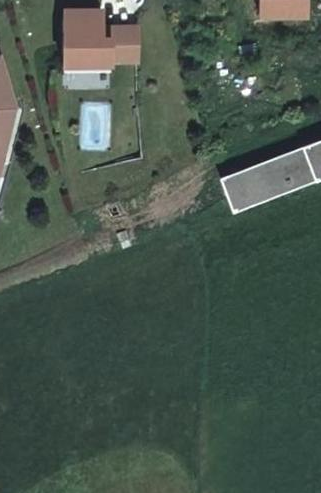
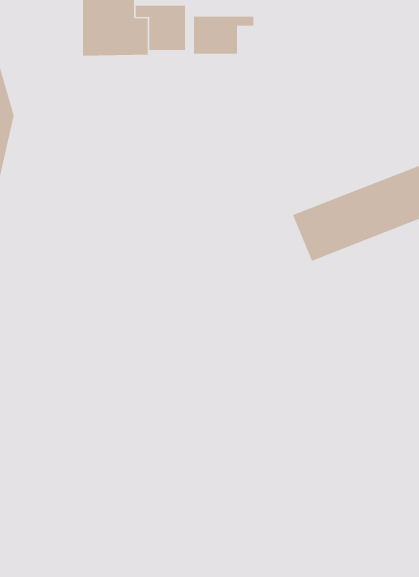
building: none -> [193,16,254,54]

